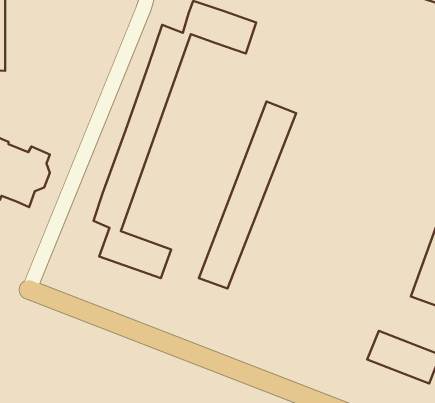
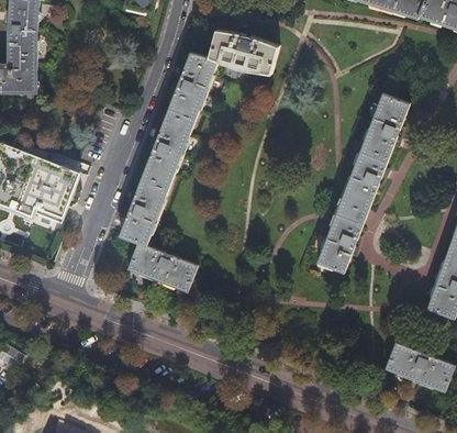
building: [199,102,296,288] -> [315,95,409,274]

